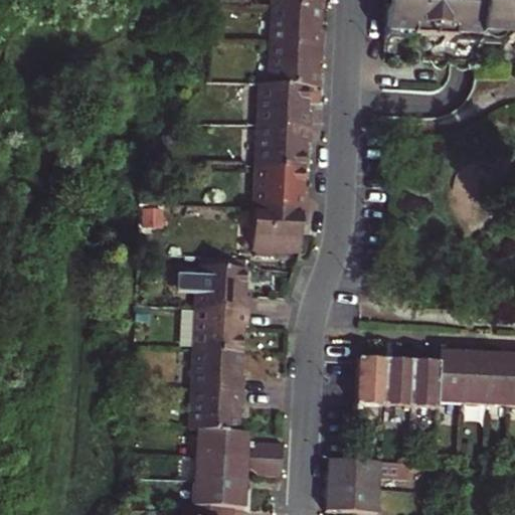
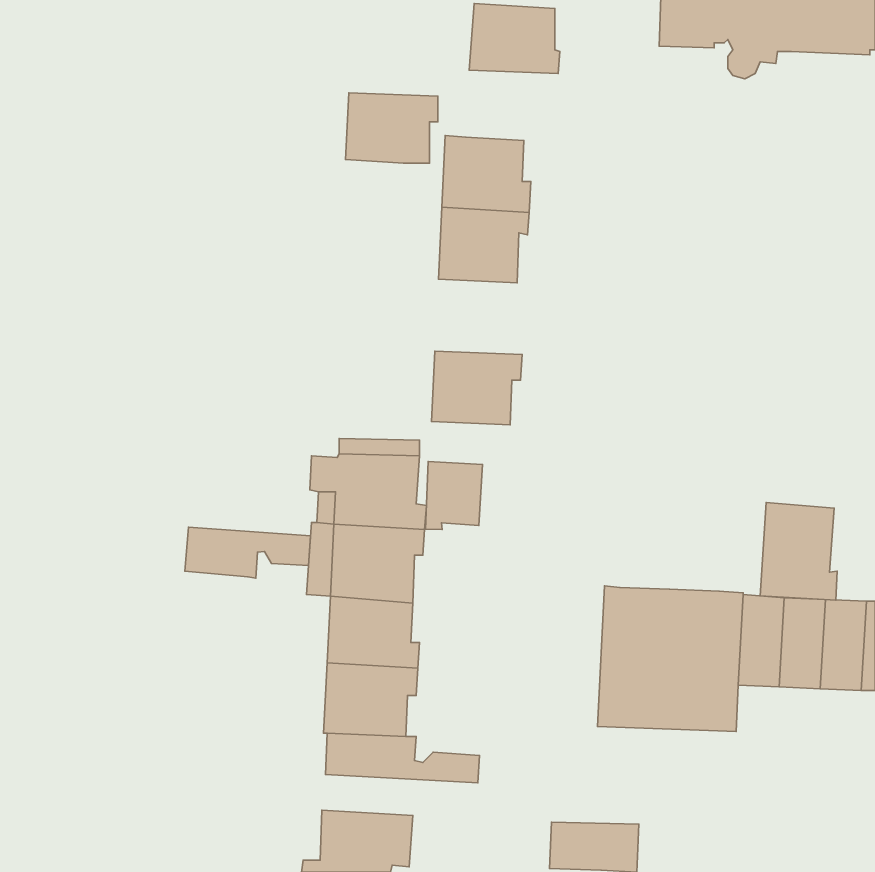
building: [274,41,328,82] -> [345,93,438,163]
building: [255,164,308,208] -> none
building: none -> [425,462,482,530]
building: none -> [760,503,837,600]
building: none -> [185,527,311,578]
building: [189,455,281,479] -> none
building: [324,458,407,484] -> none

